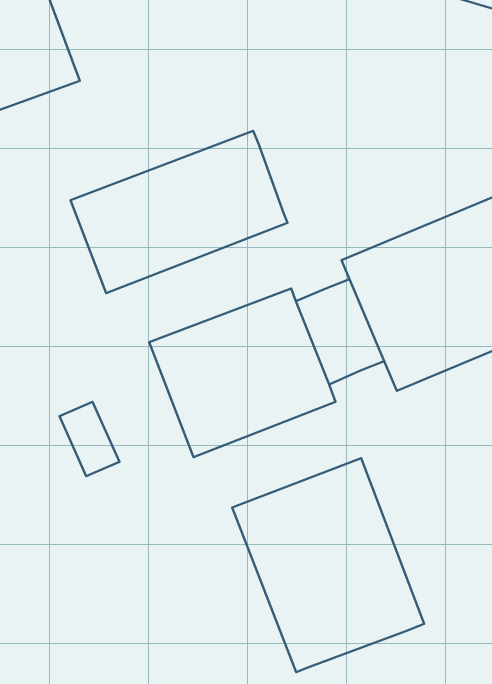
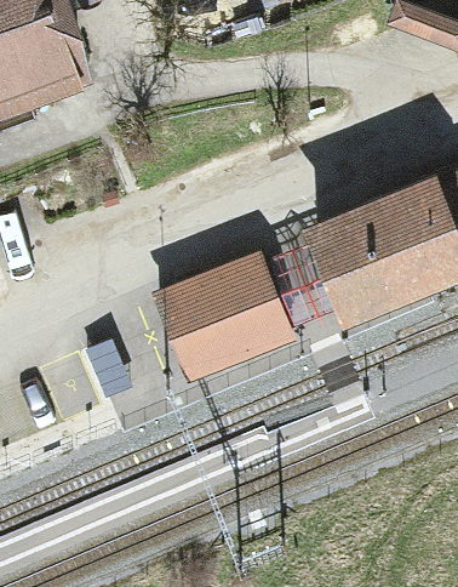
building: [71,131,288,293] -> none
building: [232,458,424,672] -> none

